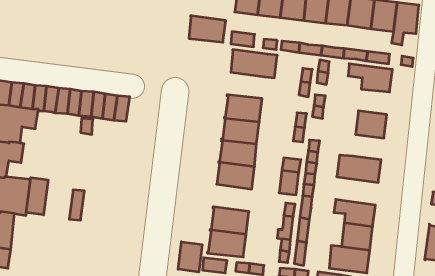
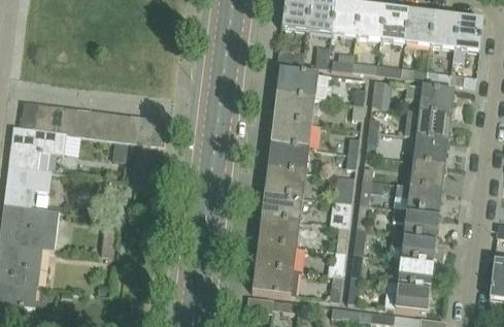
building: [189,16,226,42] -> [274,93,314,122]
building: none -> [400,109,450,139]
building: none -> [410,161,444,189]
building: none -> [392,207,438,238]
building: [26,178,48,215] -> none
building: none -> [259,216,300,246]
building: [178,242,202,272] -> none

